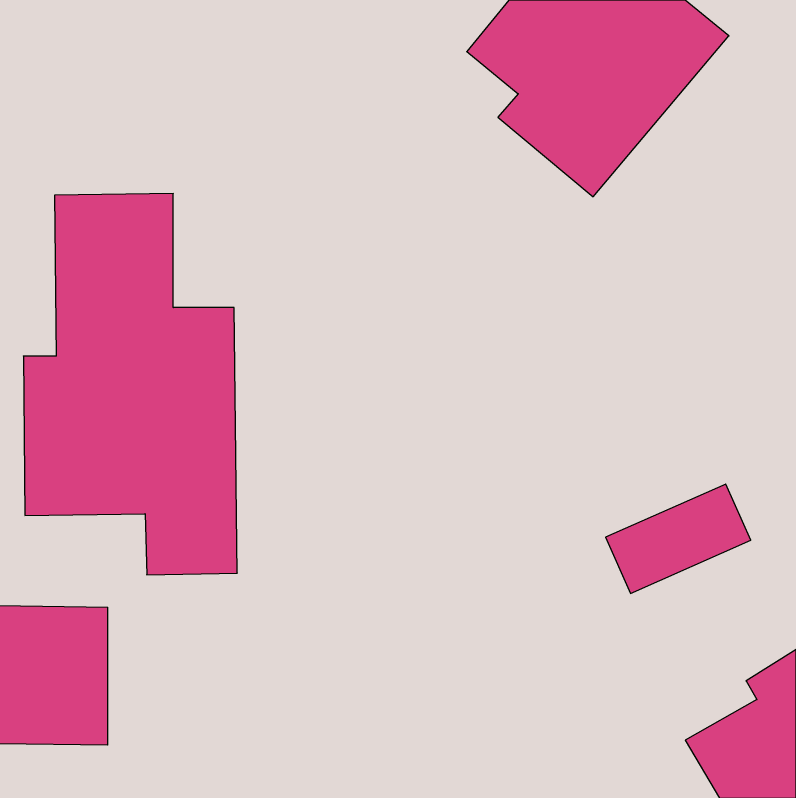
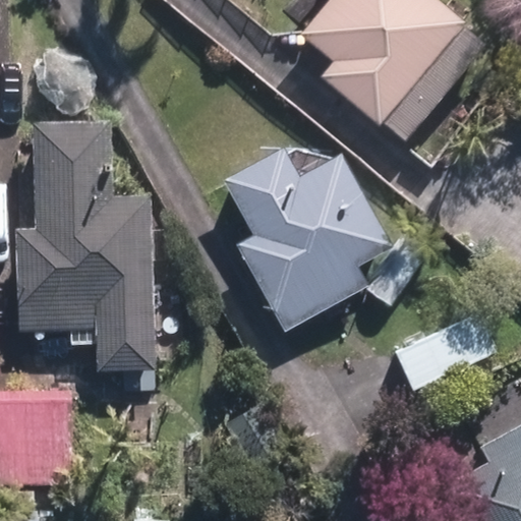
building: none -> [225,143,394,326]

